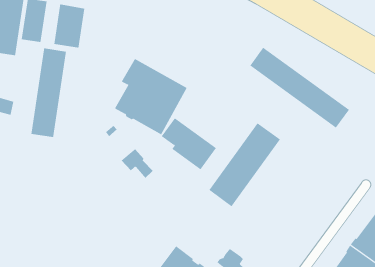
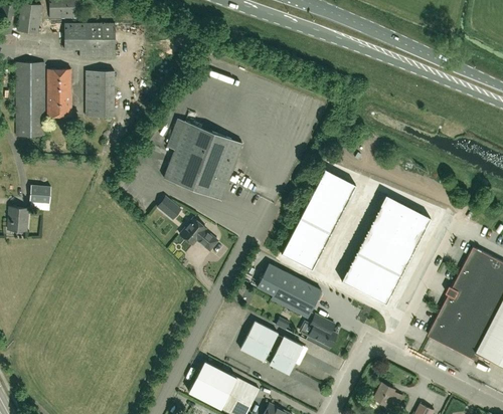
building: [250,47,350,128] -> none
building: [31,48,66,138] -> none
building: [161,118,217,170] -> [257,263,321,318]
building: none -> [342,195,430,302]

